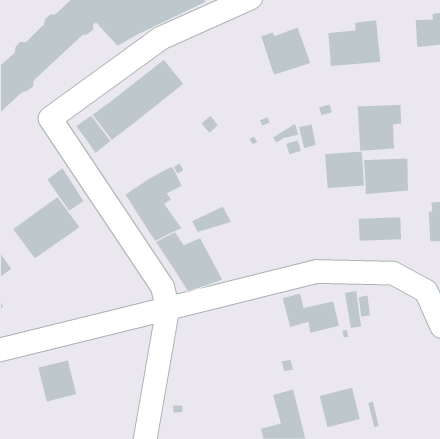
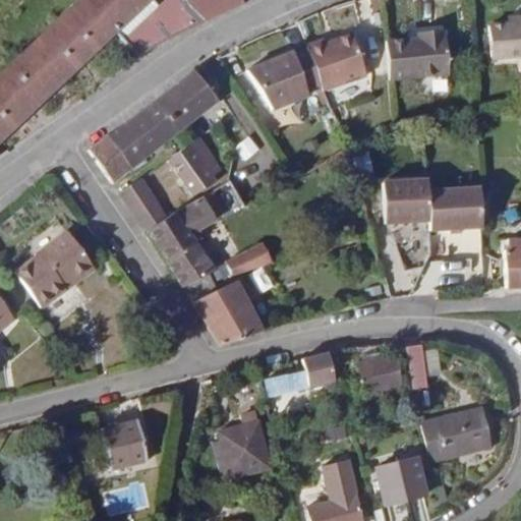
building: none -> [248,48,322,108]
building: [357,104,402,151] -> none
building: none -> [169,135,223,194]
building: [46,167,84,211] -> [122,177,167,229]
building: none -> [266,351,336,395]
building: none -> [422,407,491,459]
building: none -> [214,419,272,478]
building: [37,360,77,402] -> [103,418,150,468]

